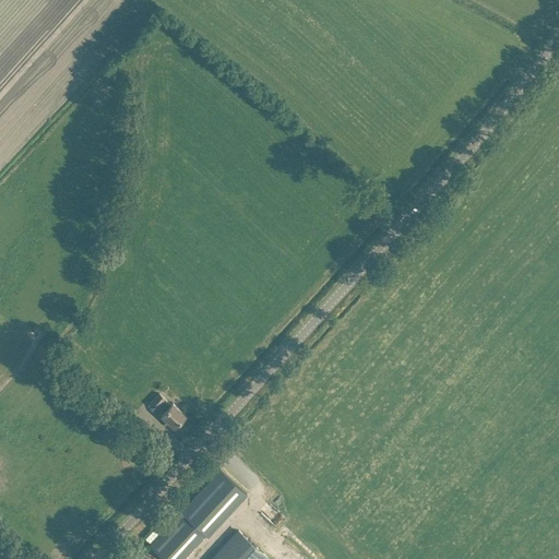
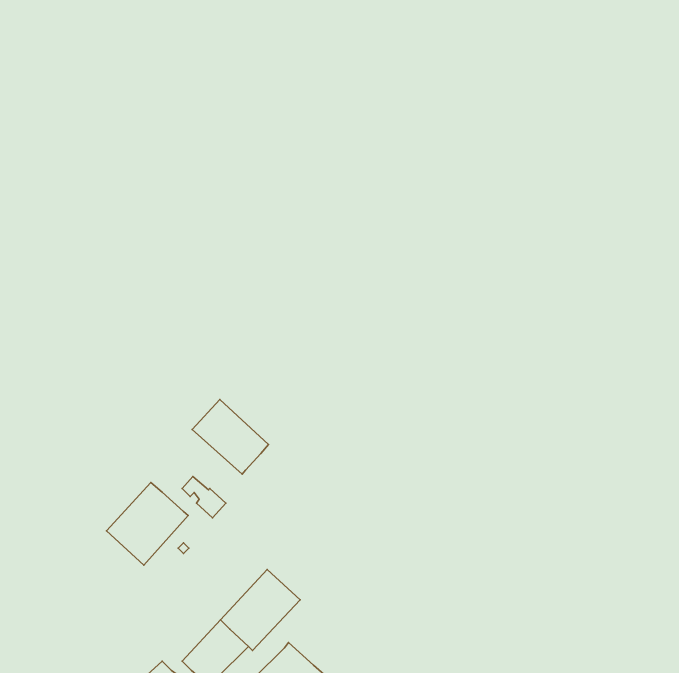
building: none -> [192,400,269,474]
building: none -> [106,482,188,565]

